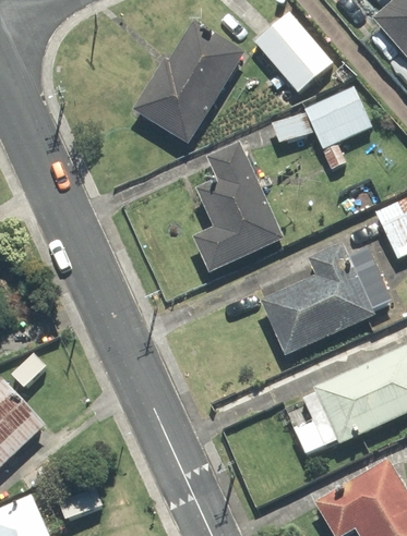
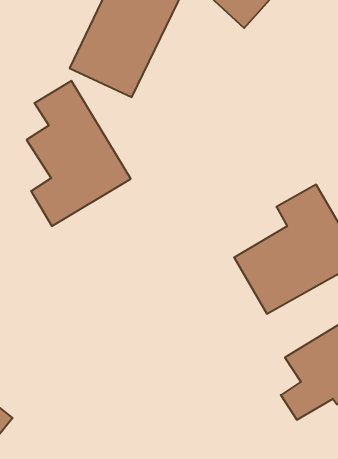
building: [303,87,371,168] -> none
building: [193,141,285,270] -> [27,81,131,226]

